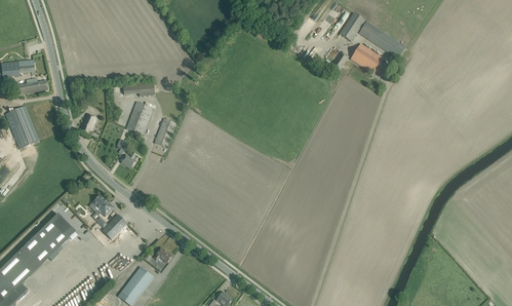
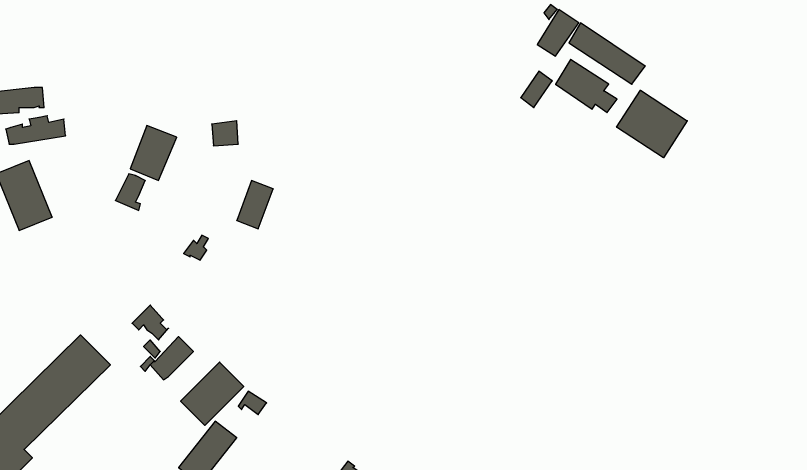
building: none -> [617,90,687,158]
building: [125,101,154,135] -> [130,126,177,180]
building: none -> [181,362,244,425]

